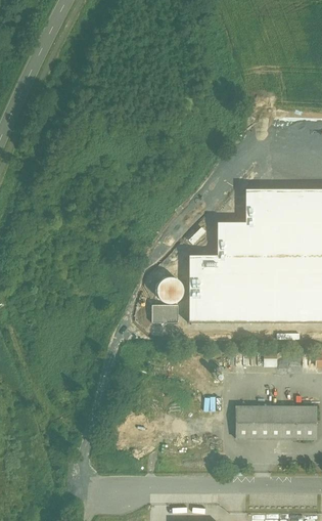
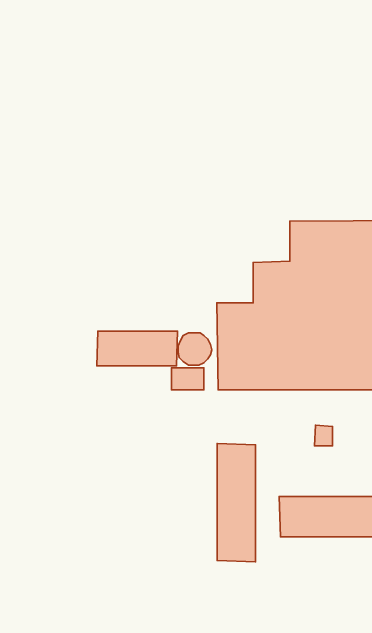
building: none -> [97,331,177,366]
building: none -> [217,443,255,562]

